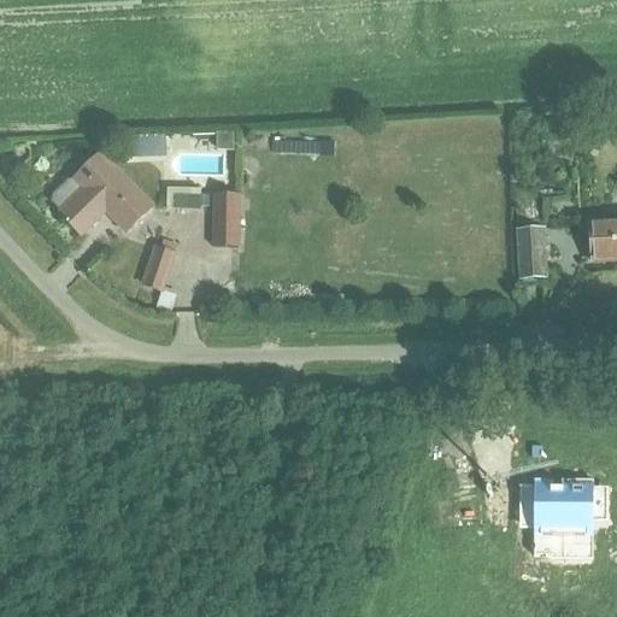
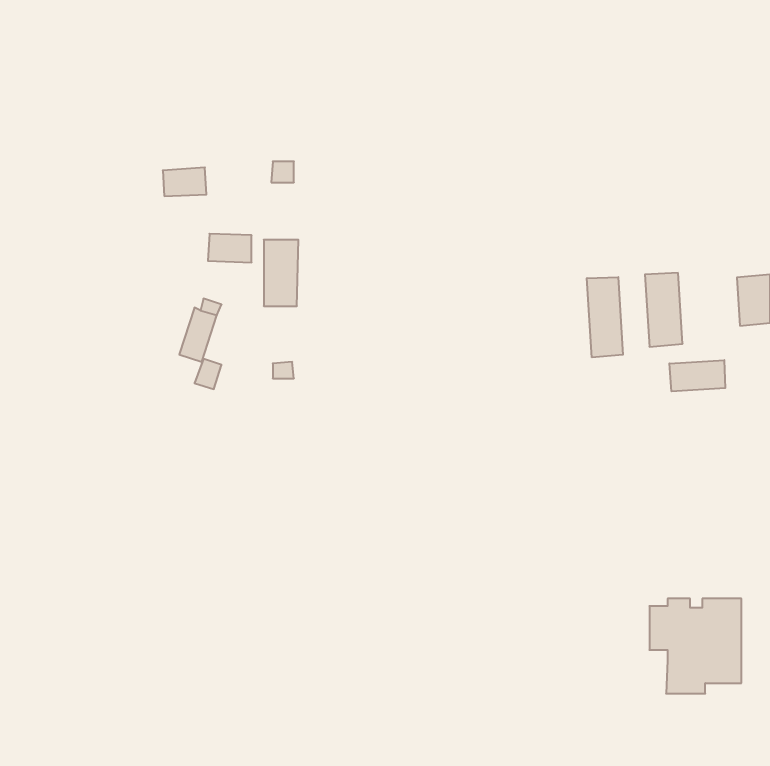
building: [51,152,152,234] -> none
building: none -> [587,277,623,357]
building: none -> [669,360,725,391]

